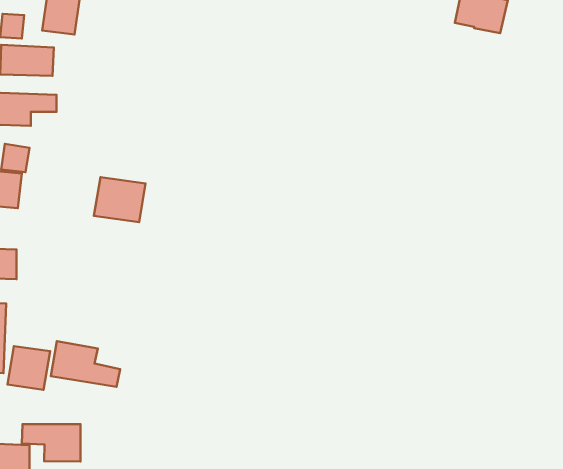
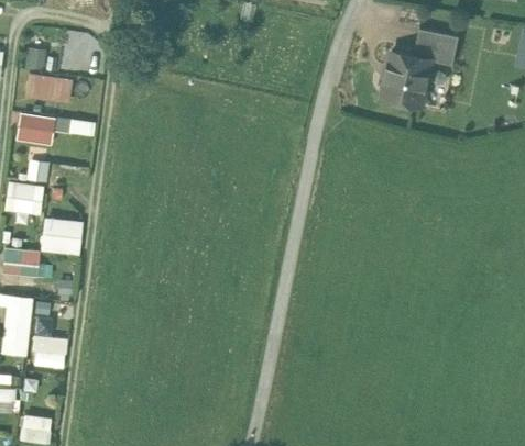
building: none -> [381,51,430,107]
building: [94,177,145,222] -> [40,216,84,255]
building: [51,341,120,387] -> none
building: [22,424,80,461] -> none

